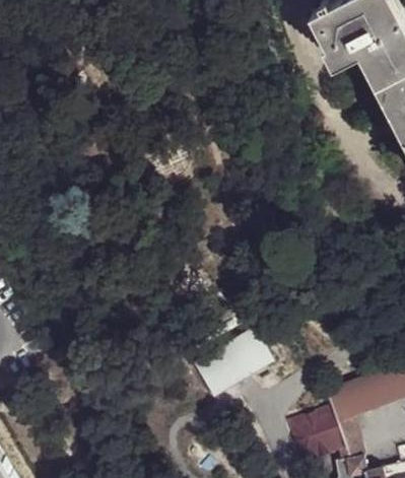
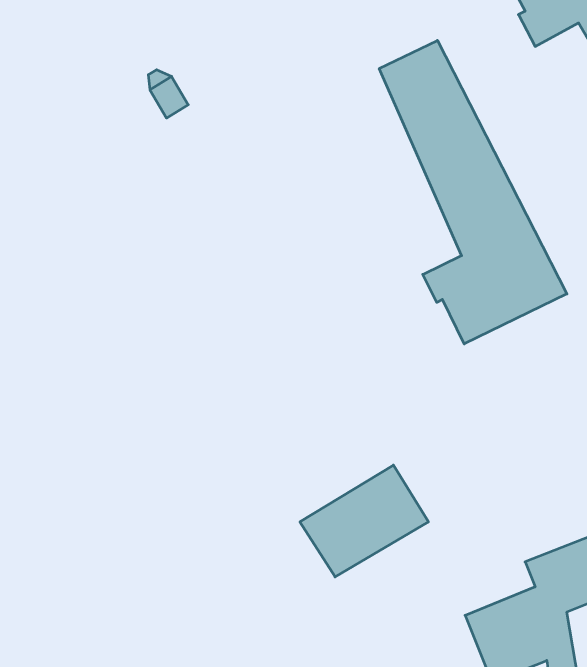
building: none -> [379,40,567,344]

